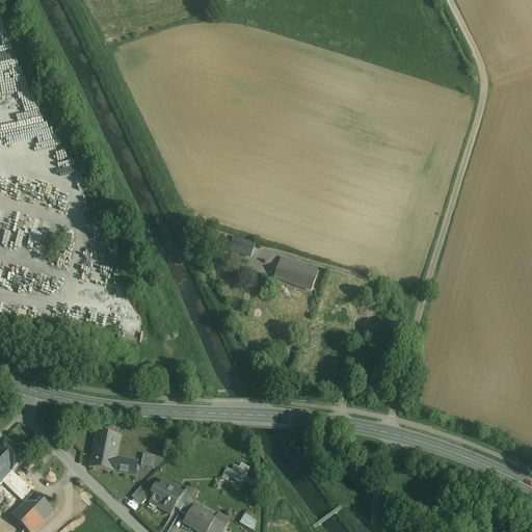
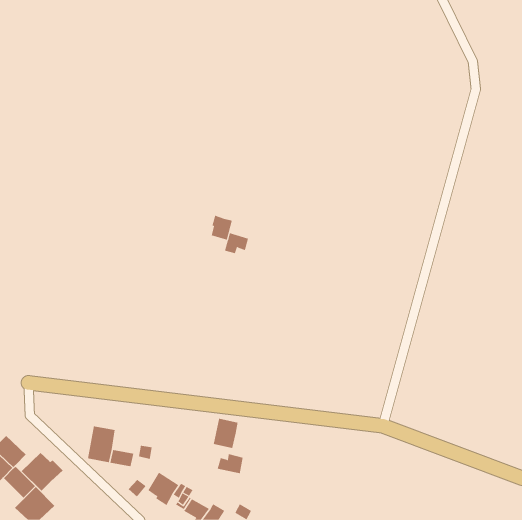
building: none -> [211,215,232,241]
building: [273,256,318,288] -> none
building: none -> [213,418,238,449]
building: none -> [21,452,64,492]

